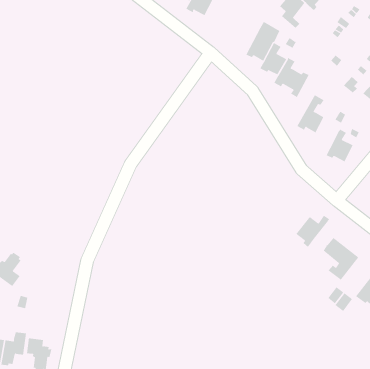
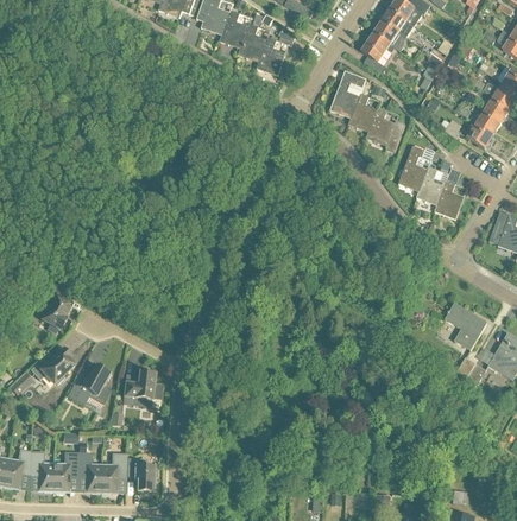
building: none -> [416,166,445,202]
building: [296,215,330,248] -> none
building: none -> [122,369,162,408]

